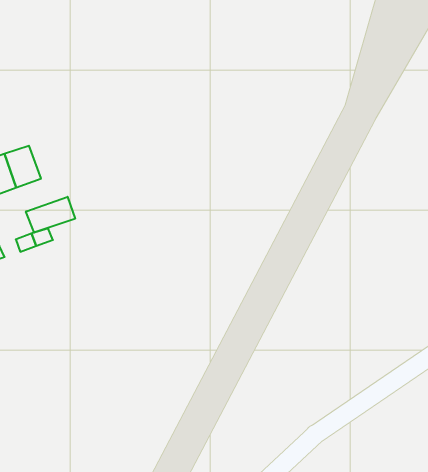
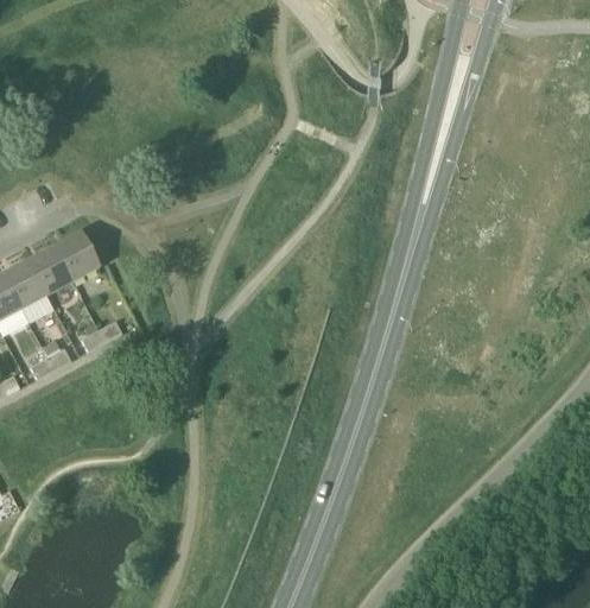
building: [26,197,75,233] -> none

